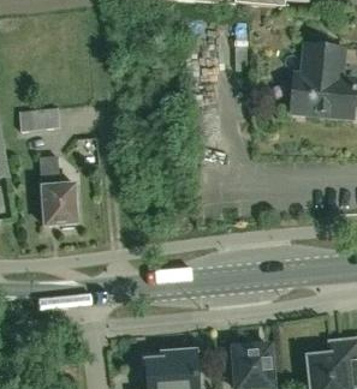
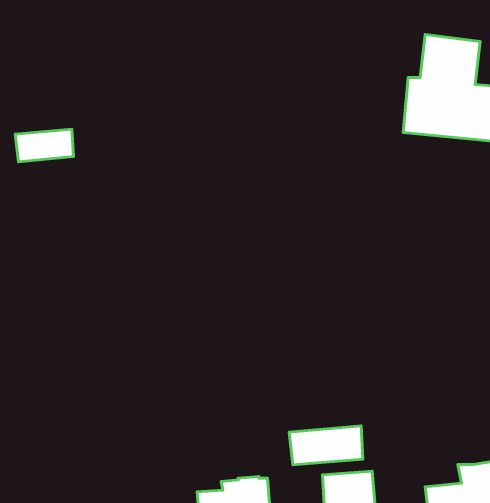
building: [40,155,77,227] -> none
building: none -> [289,426,363,465]

